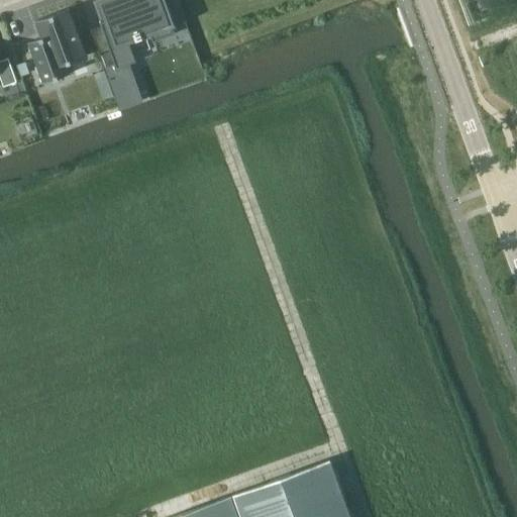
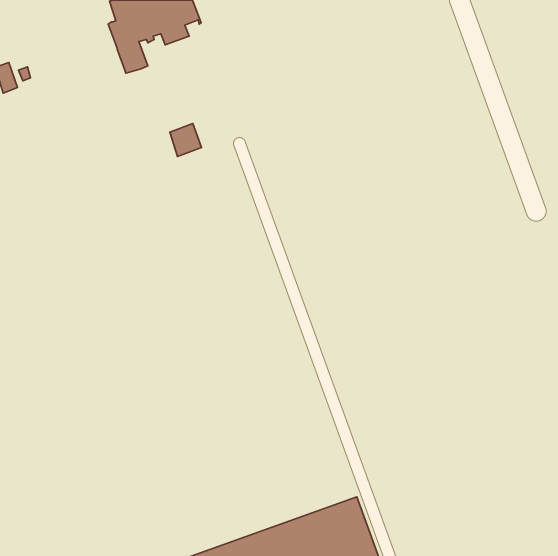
building: [28,12,86,86] -> none
building: [111,80,140,110] -> [170,124,202,156]

